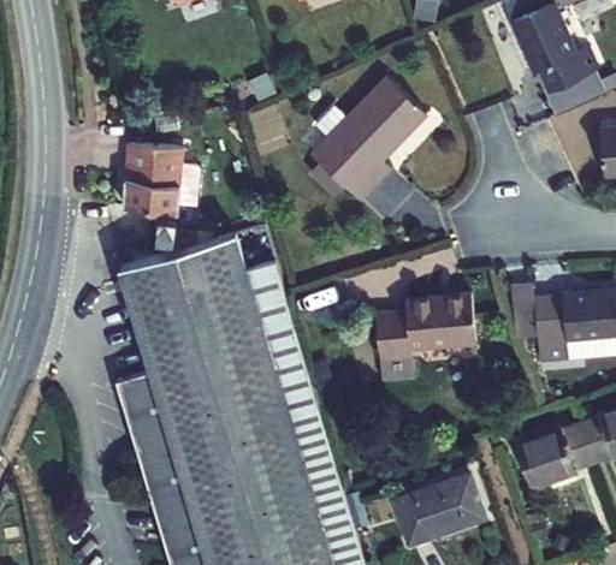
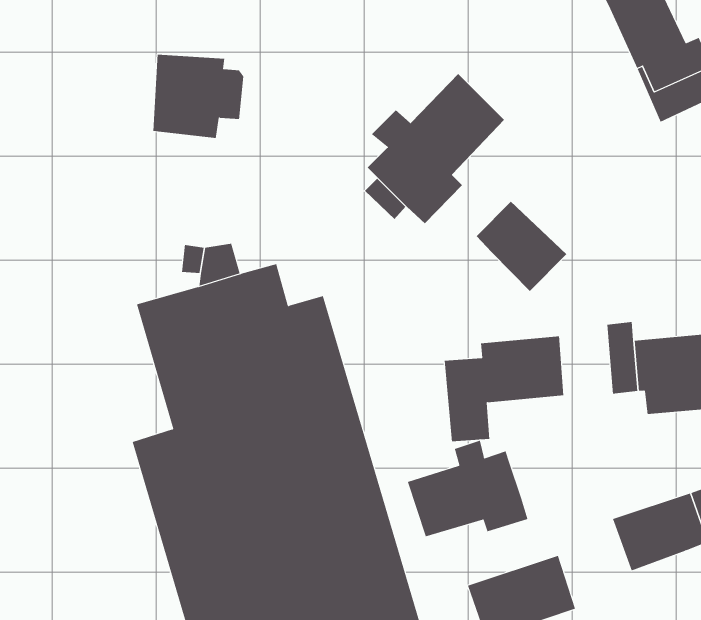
building: [123,145,199,215] -> [153,54,244,138]
building: none -> [476,201,567,292]
building: none -> [407,440,528,537]

